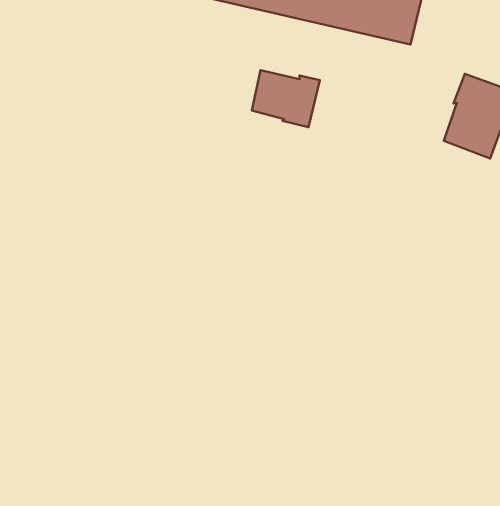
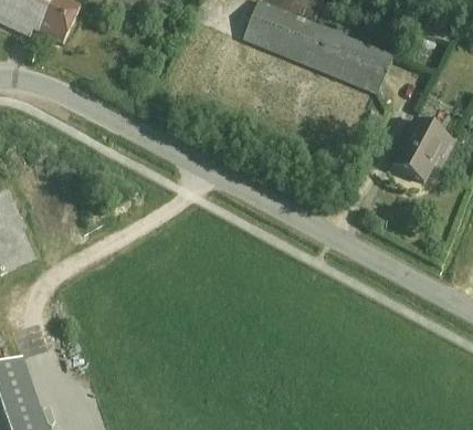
building: [252,70,320,127] -> none

